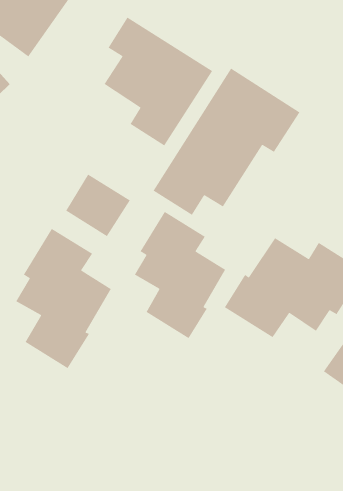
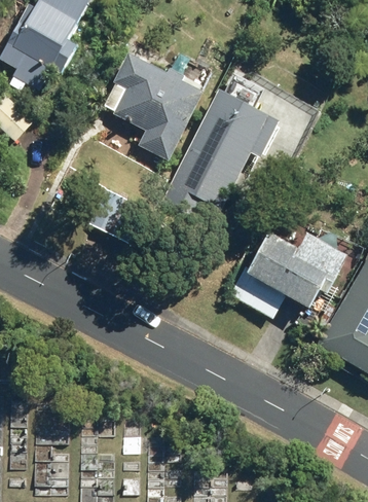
building: [134,211,226,339] -> none
building: [15,228,112,369] -> none

